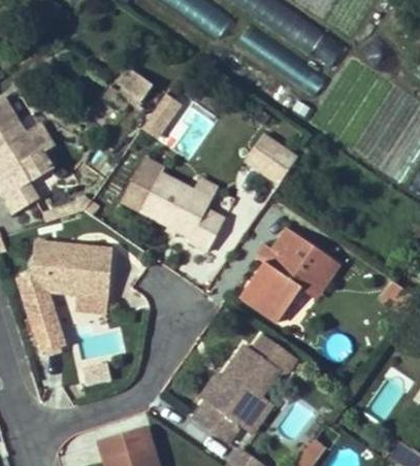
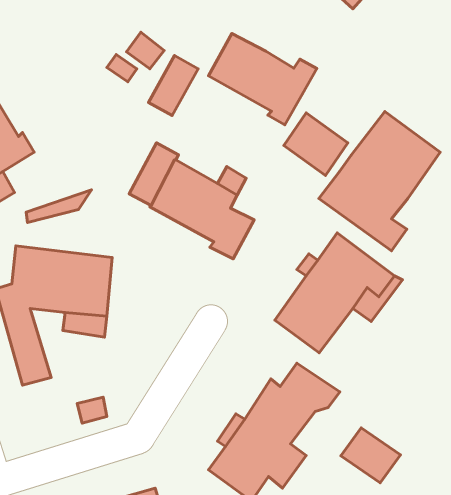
building: none -> [208,34,317,125]
building: none -> [319,112,440,251]
building: none -> [341,428,400,483]

